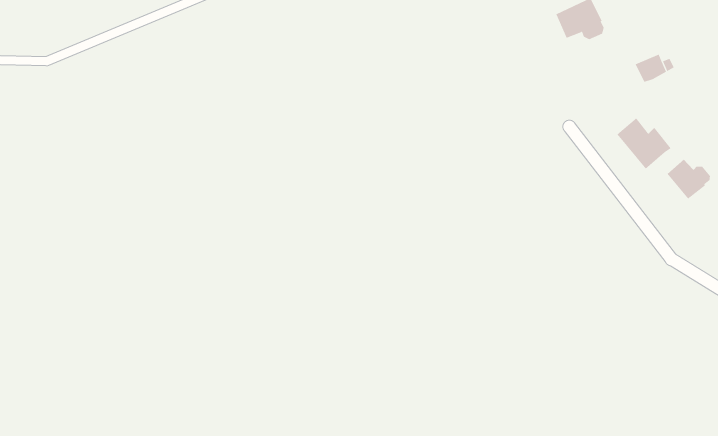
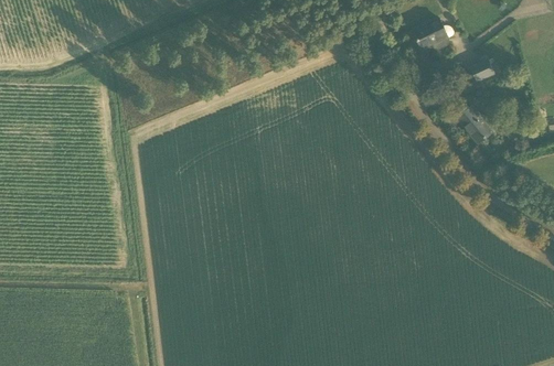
building: [667,159,711,200] -> none

